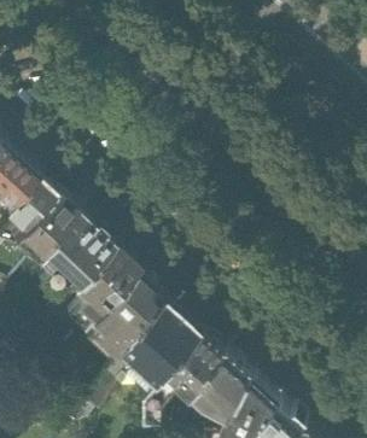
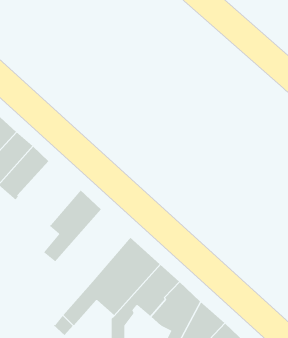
building: [39,210,113,286] -> none
building: [92,268,173,354] -> none

